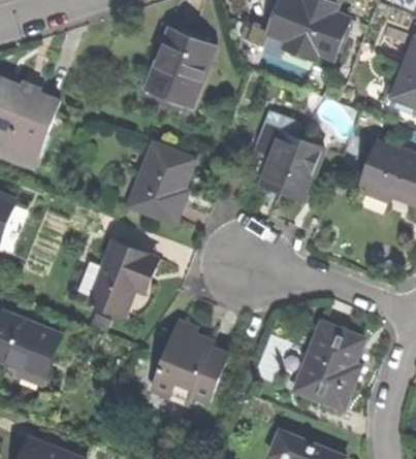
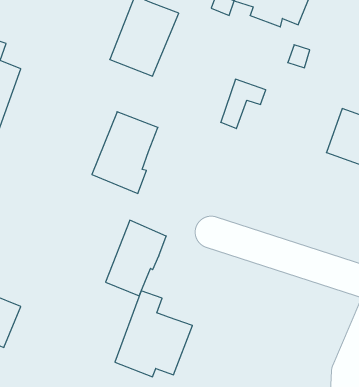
building: [262,132,323,198] -> none
building: [88,241,148,316] -> [106,220,166,296]
building: [301,322,362,407] -> none

